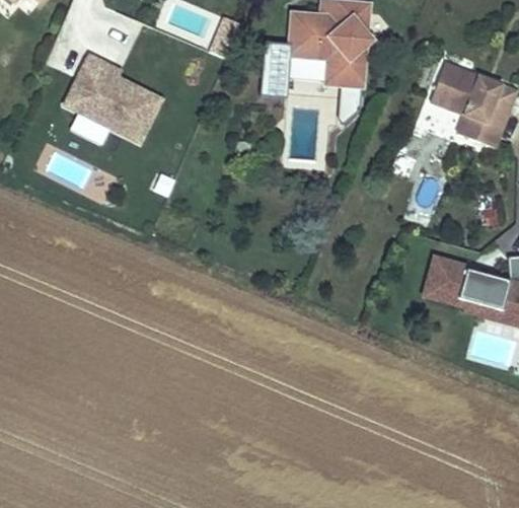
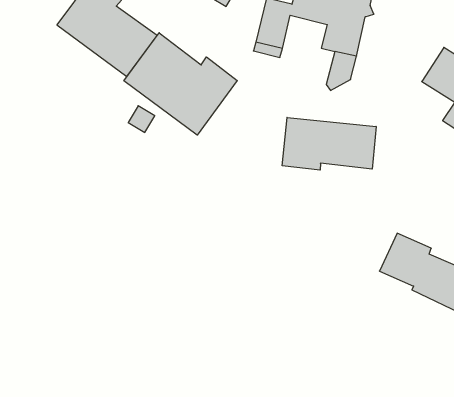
building: none -> [124,33,237,135]
building: none -> [282,117,376,170]

